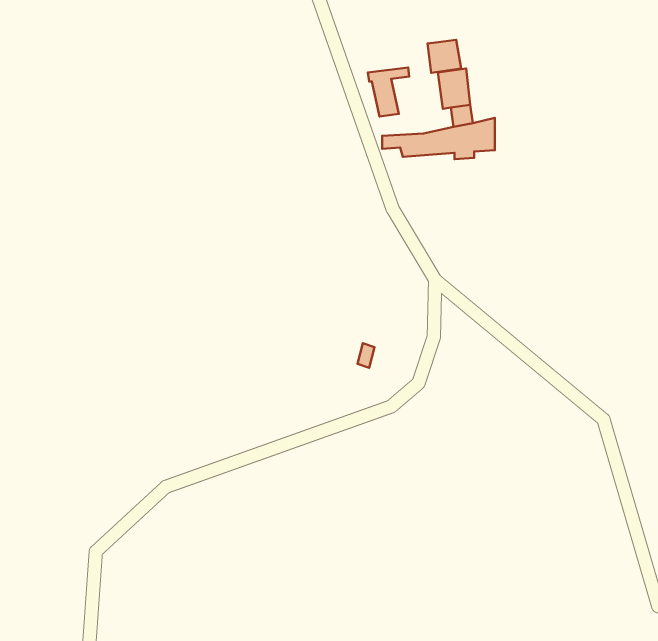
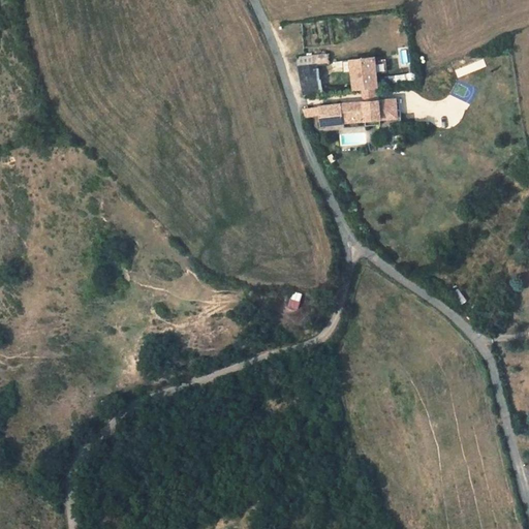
building: [427,40,461,73] -> none

